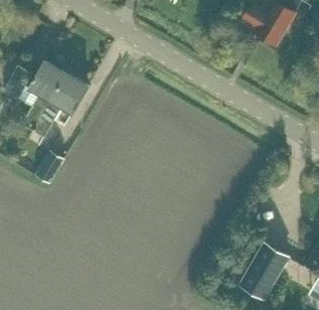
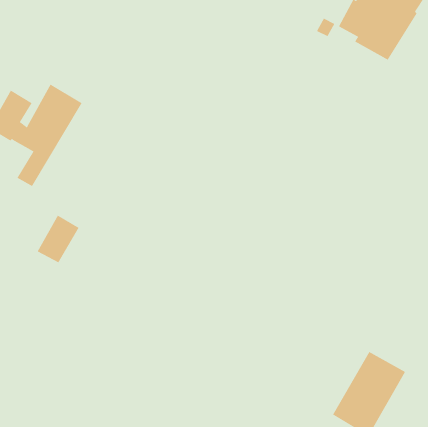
building: [33,73,89,138] -> none

